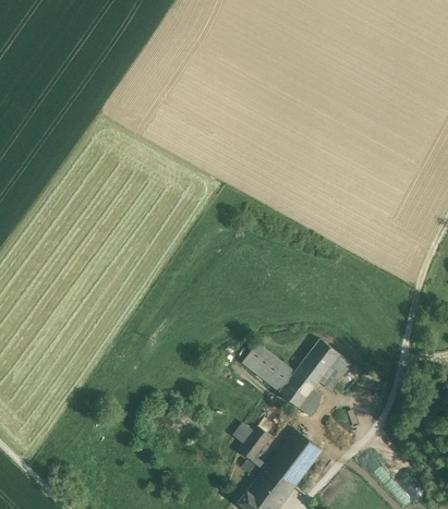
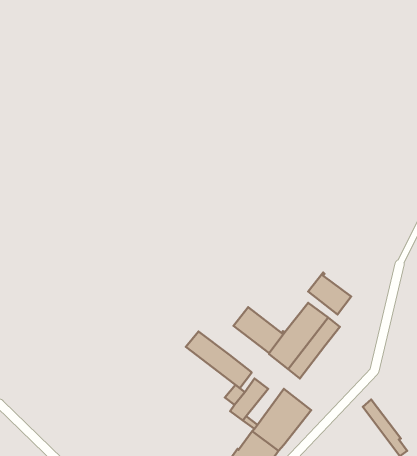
building: none -> [308,272,351,314]
building: none -> [186,331,251,388]

